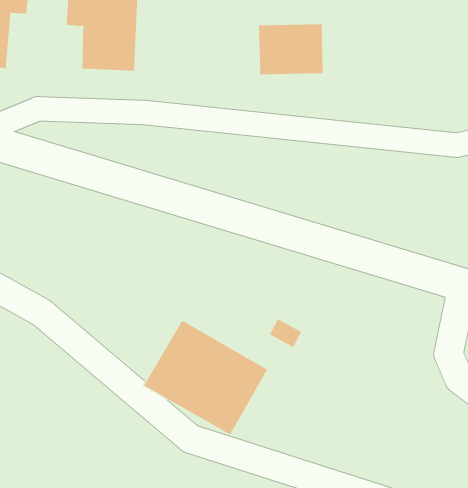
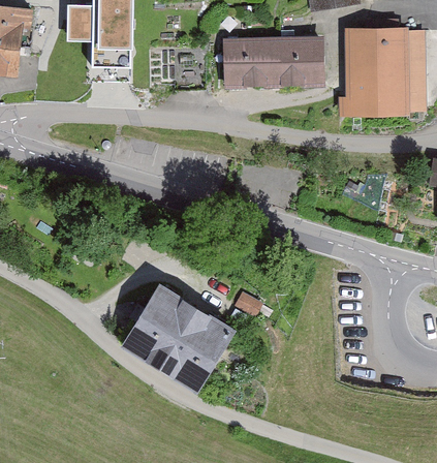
building: none -> [344,29,403,116]
building: none -> [284,37,325,81]

